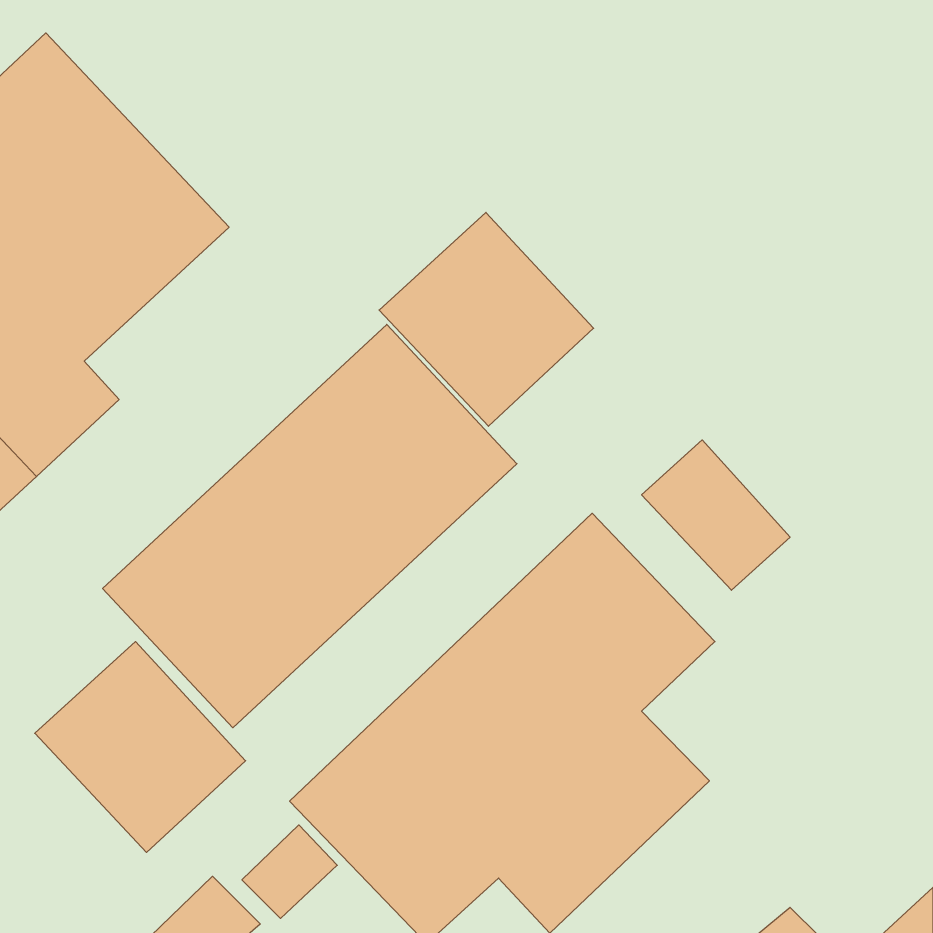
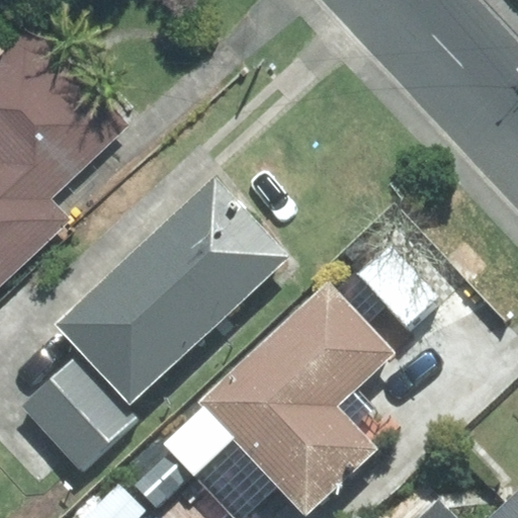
building: [379,212,594,426] -> none

